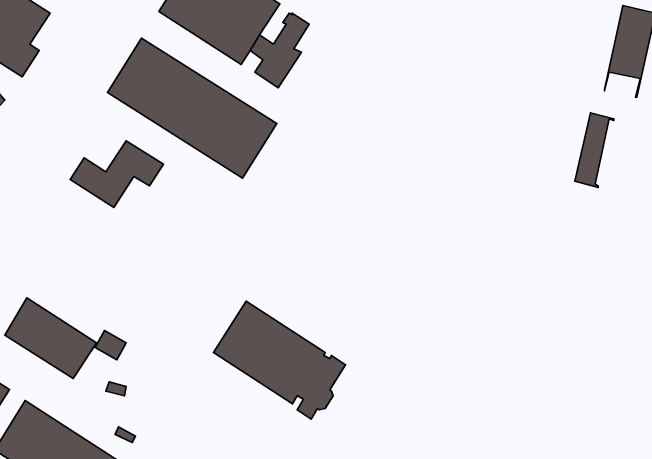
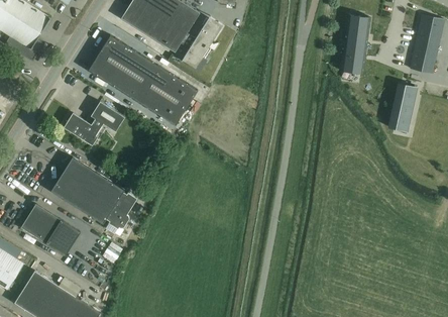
building: none -> [341,14,370,73]
building: [213,301,345,419] -> [51,156,137,233]

